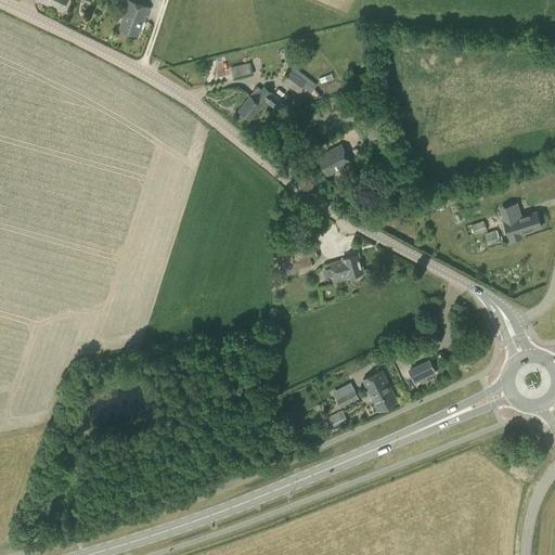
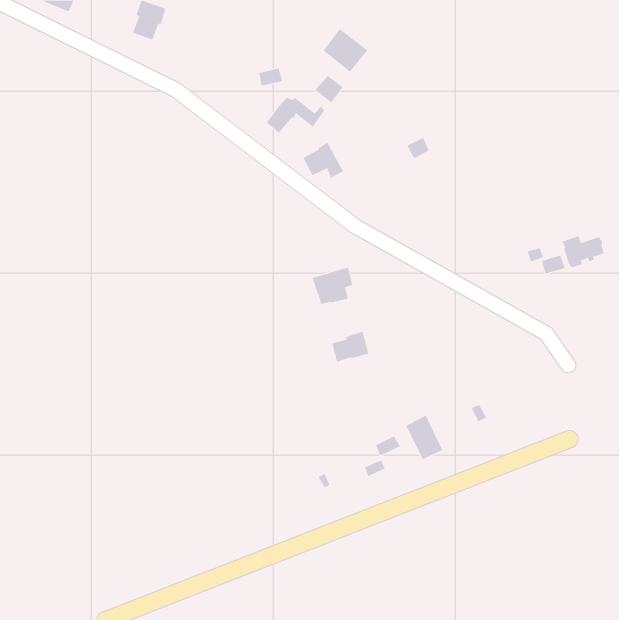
building: none -> [323,28,368,73]
building: [318,144,354,177] -> [302,142,344,178]
building: [330,253,363,281] -> [332,331,369,362]

